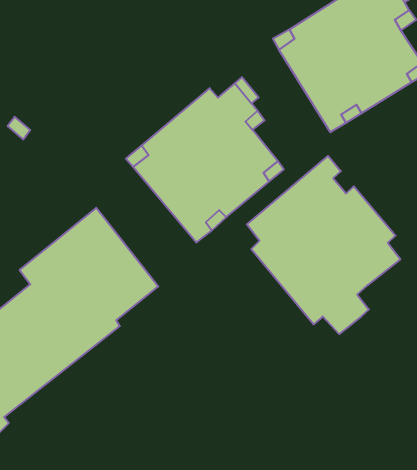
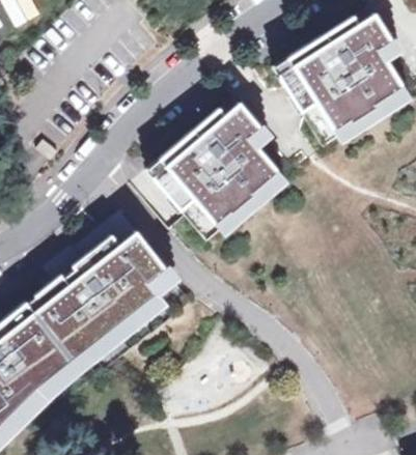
building: [247,156,400,334] -> none

